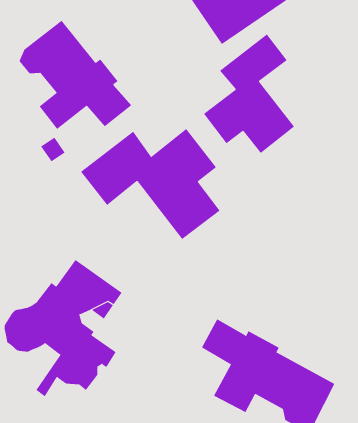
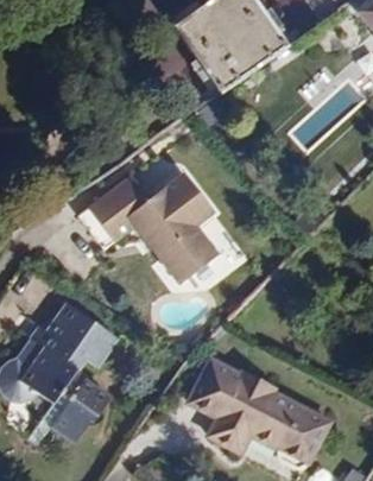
building: [19,20,132,130] -> none
building: [203,34,295,154] -> none

